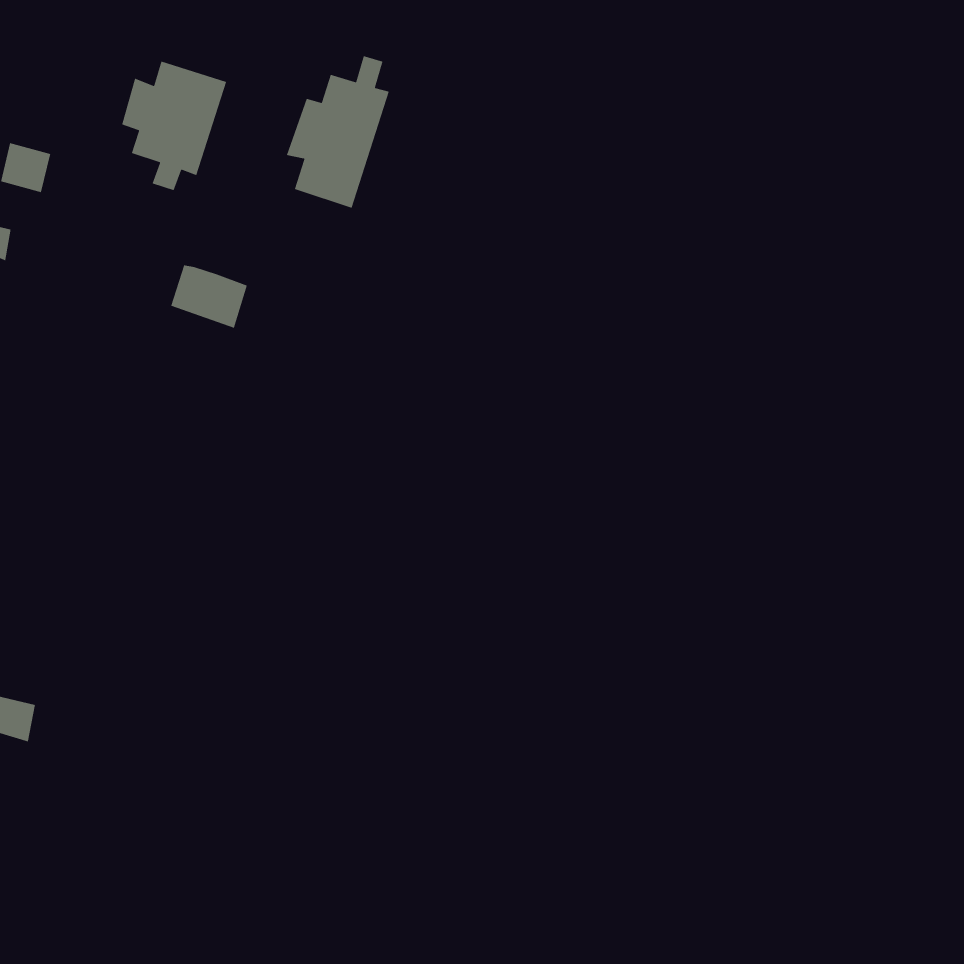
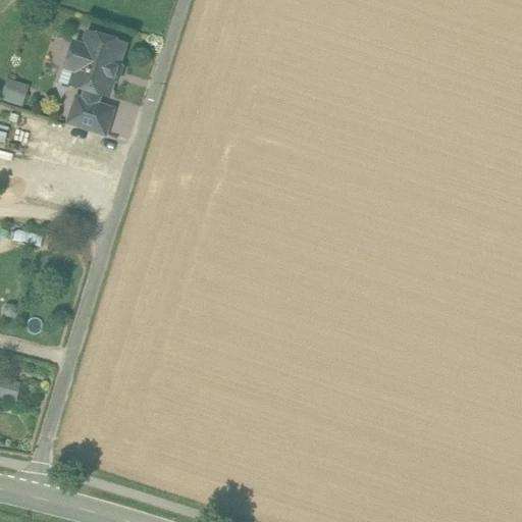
building: [286,55,390,209] -> none
building: [170,264,248,329] -> [68,98,110,133]

